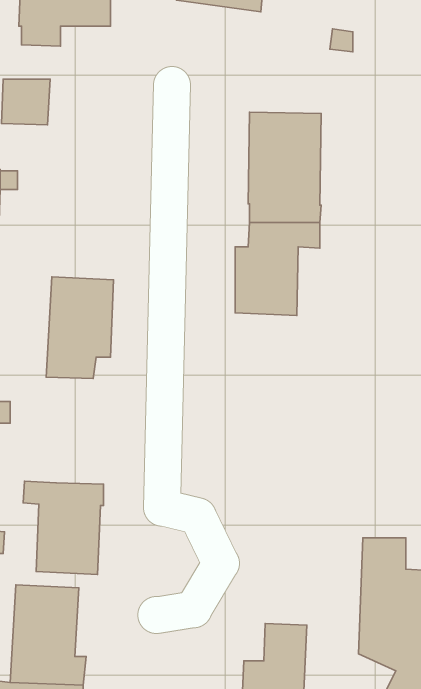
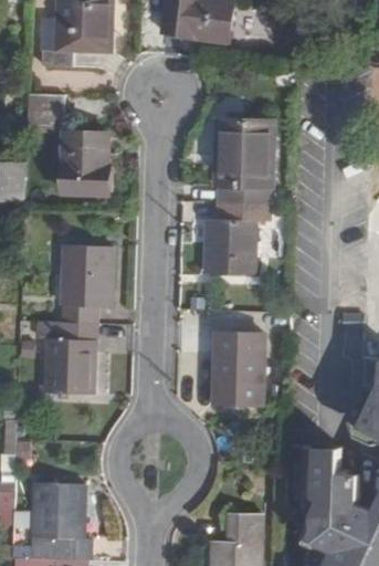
building: none -> [62,133,107,195]
building: none -> [212,333,263,405]
building: [23,481,103,574] -> [34,322,96,394]

